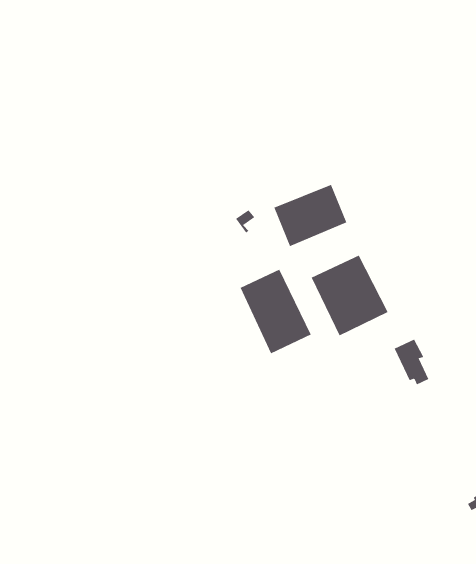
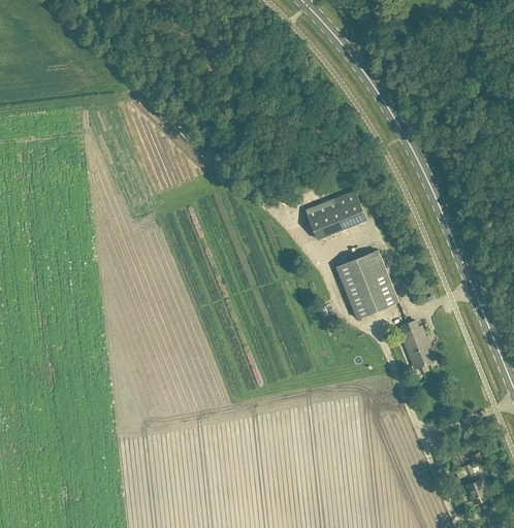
building: [240,269,311,354] -> none

